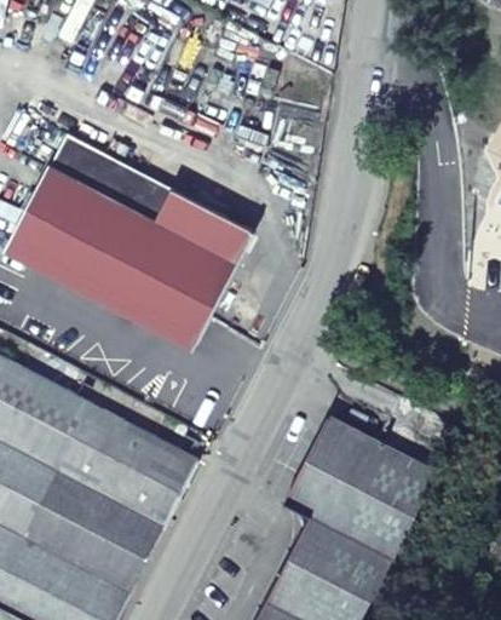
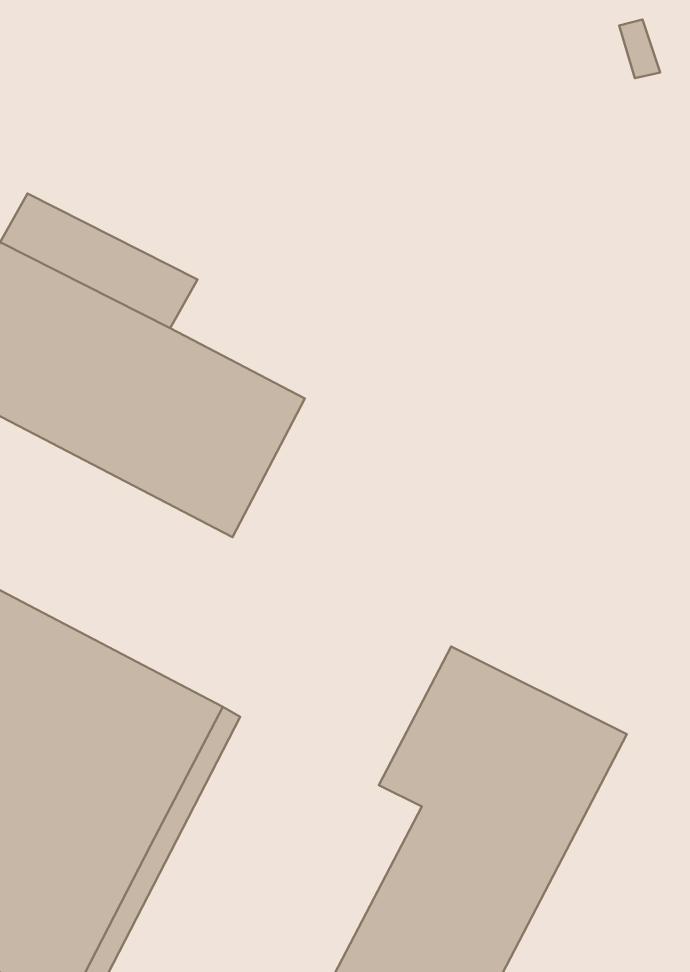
building: [154,189,253,263] -> none

